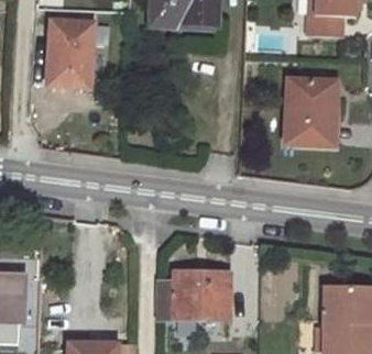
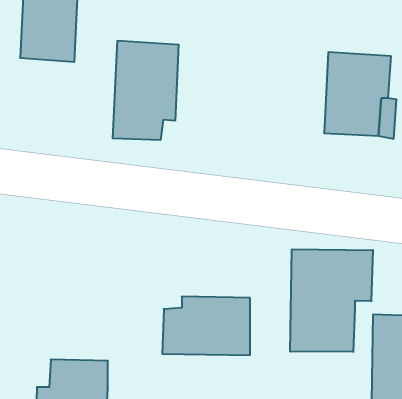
building: none -> [113,41,179,140]
building: none -> [290,249,373,352]

